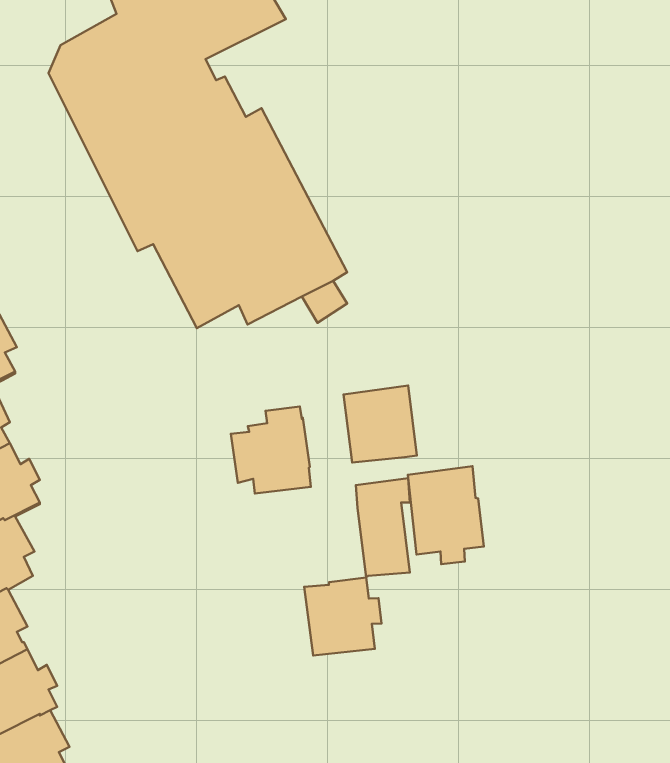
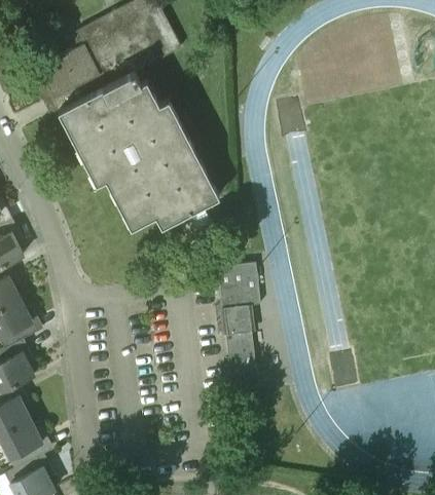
building: [231,406,311,494] -> none
building: [408,466,484,564] -> none
building: [304,578,382,655] -> none

